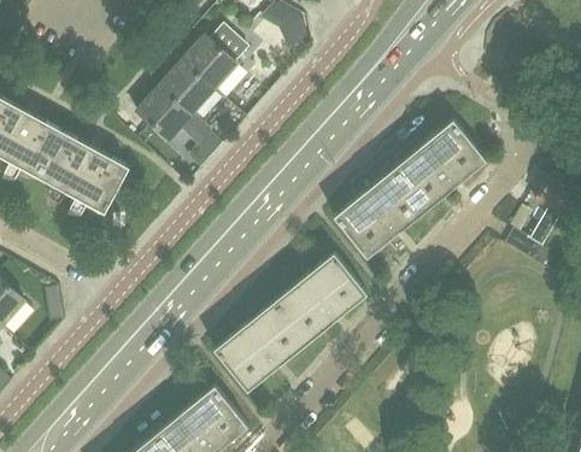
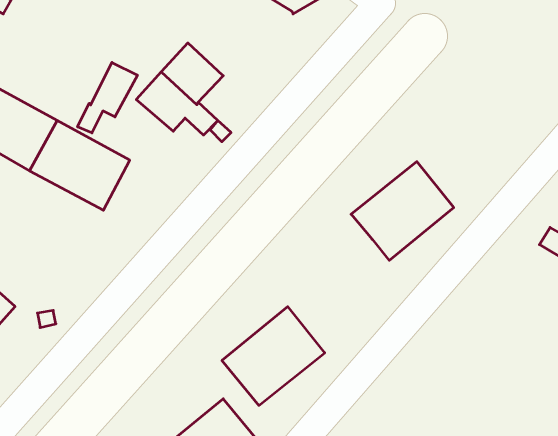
building: [183,27,248,90] -> none
building: none -> [78,62,137,133]
building: [393,119,487,211] -> none
building: [275,253,368,344] -> none

